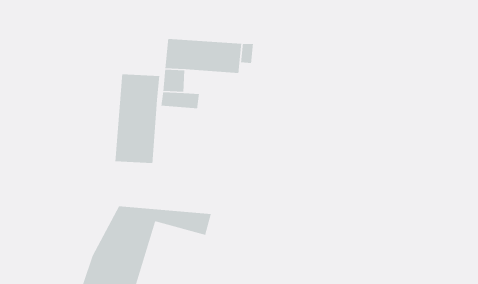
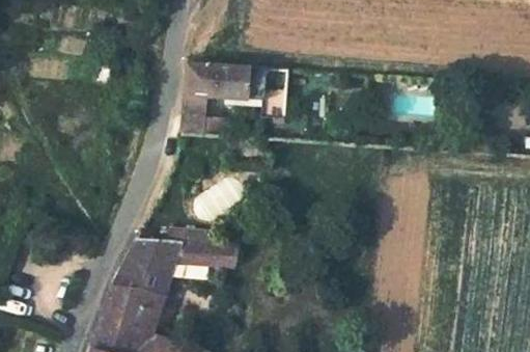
building: [115,73,160,164] -> none

